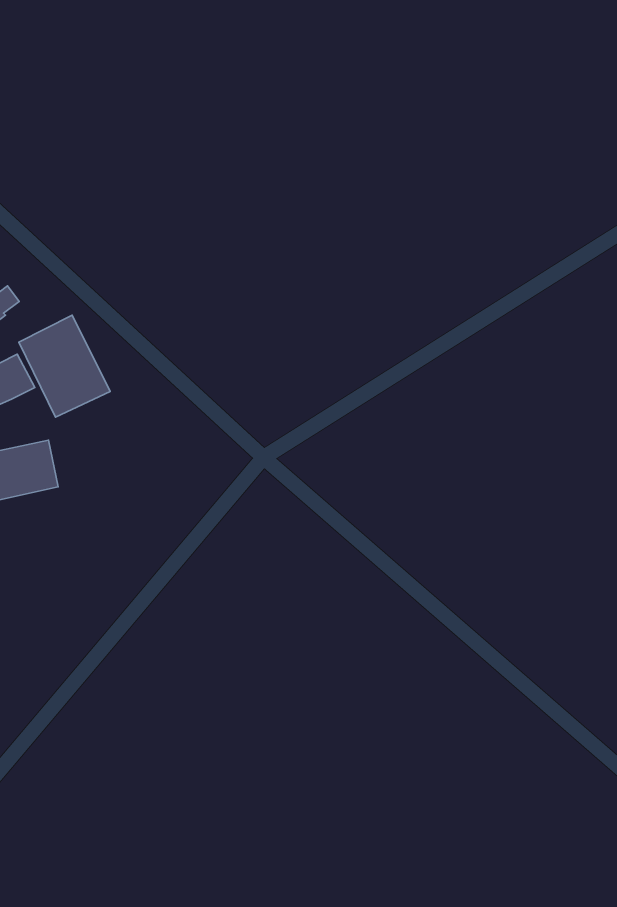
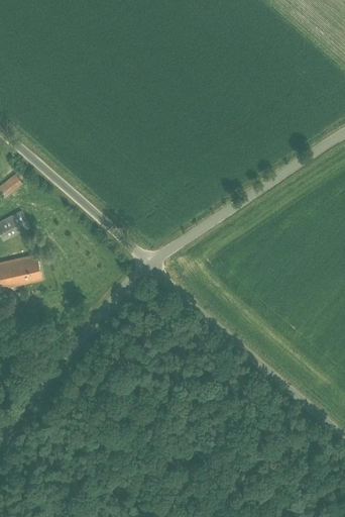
building: [19,315,110,417] -> none

